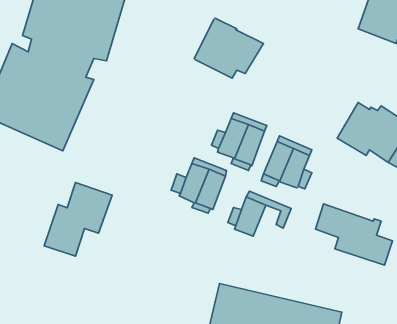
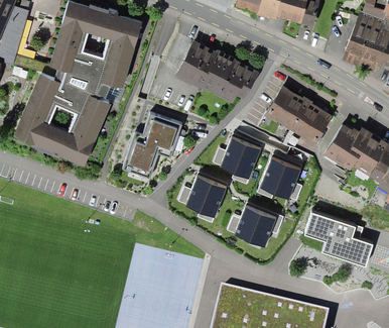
building: none -> [176,38,217,87]
building: none -> [264,84,332,144]
building: [44,183,112,256] -> [123,113,182,178]
building: none -> [251,213,275,246]

